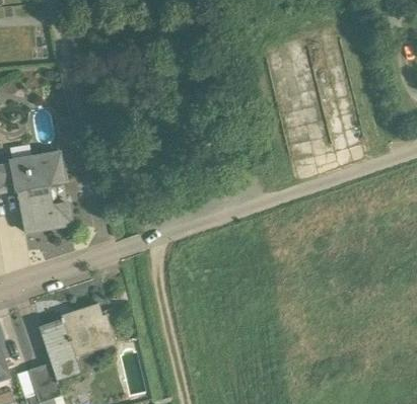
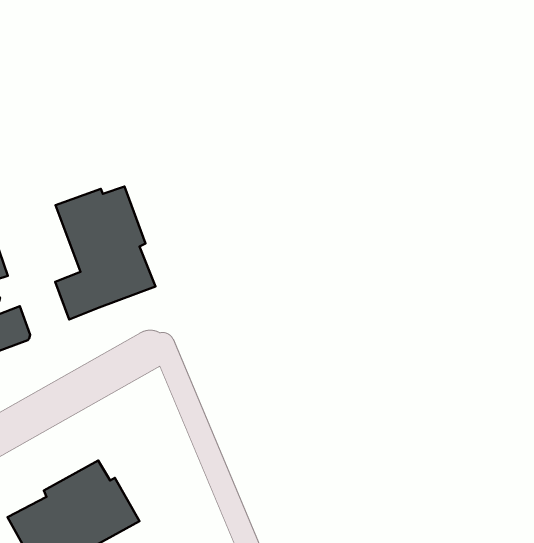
building: none -> [55,187,155,319]

